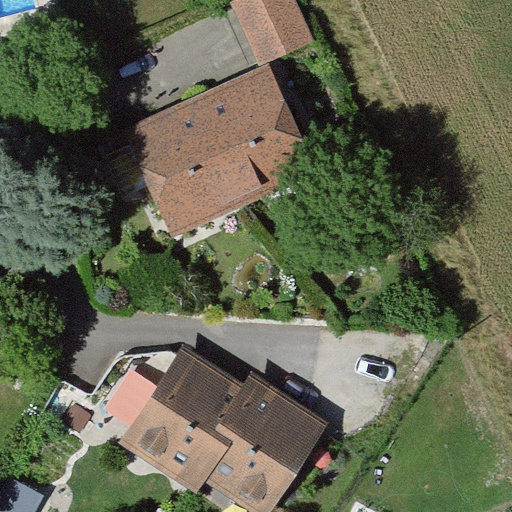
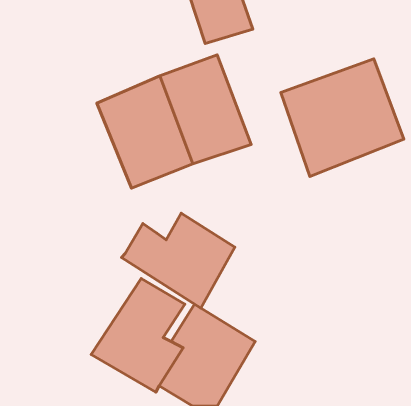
building: none -> [281,59,404,177]
building: none -> [122,213,235,308]

